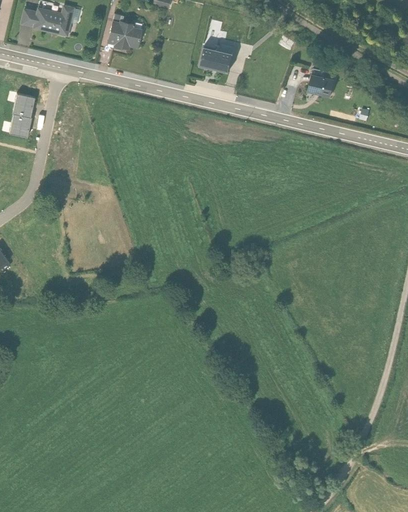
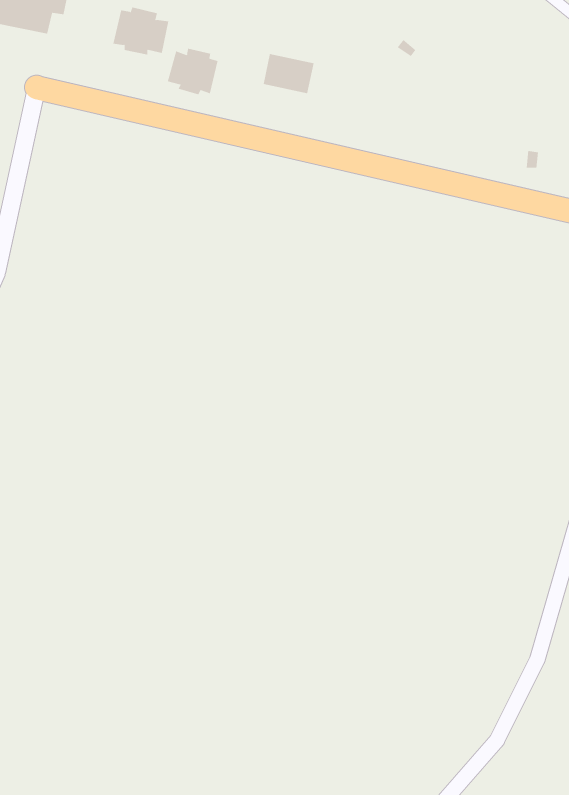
building: none -> [167,48,218,95]
building: [308,74,335,96] -> none

